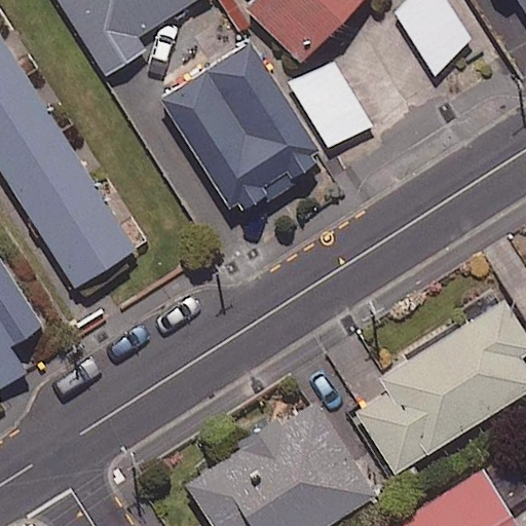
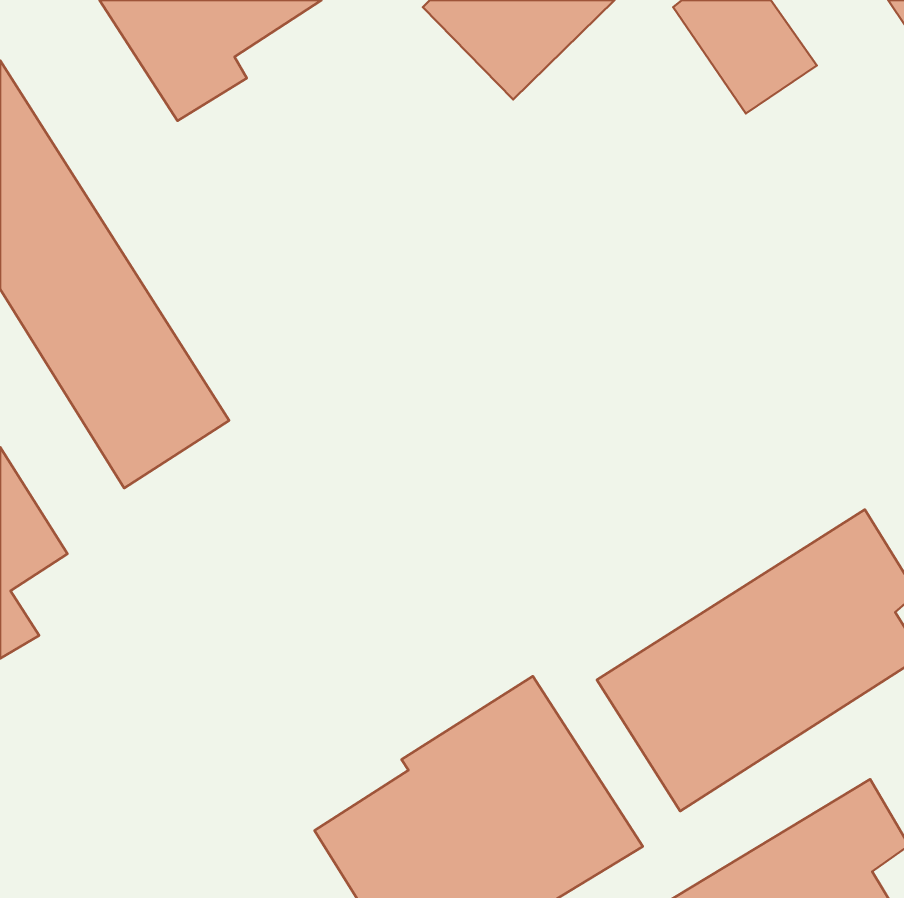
building: [160,42,324,216] -> none
building: [292,62,371,151] -> none

